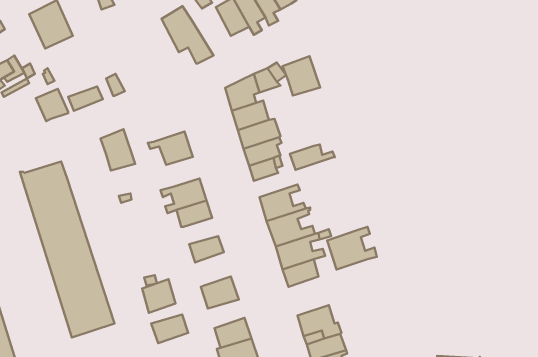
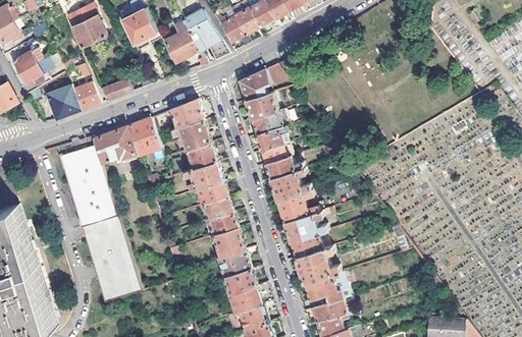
building: none -> [118,9,160,49]
building: none -> [214,10,249,46]
building: none -> [164,20,206,66]
building: [283,56,320,95] -> none
building: none -> [46,86,82,120]
building: none -> [170,100,204,129]
building: none -> [93,126,136,164]
building: [290,145,335,170] -> [265,156,305,178]
building: none -> [188,143,217,169]
building: none -> [203,196,233,220]
building: [327,227,377,269] -> [296,245,340,283]
building: [142,279,176,313] -> [215,227,245,257]
building: [151,314,188,343] -> [224,269,257,294]

